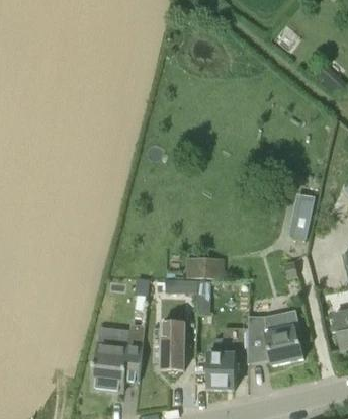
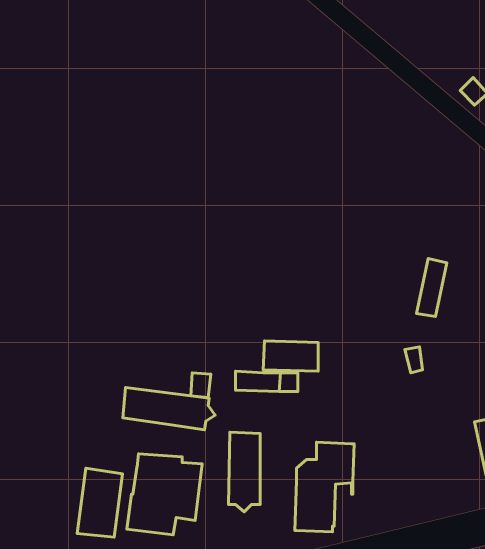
building: none -> [123,388,215,430]
building: [247,309,302,365] -> none
building: none -> [77,468,122,537]

